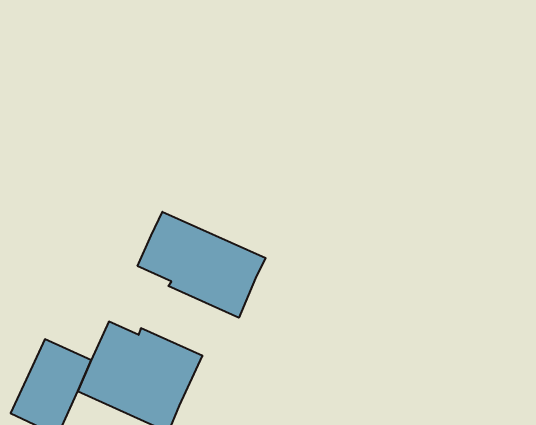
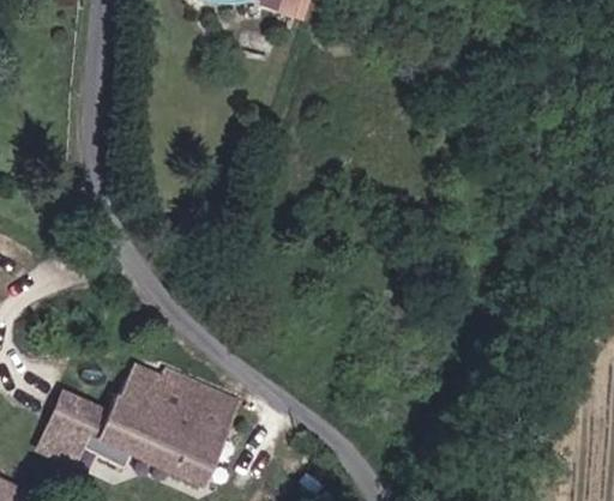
building: [138,212,266,318] -> none

